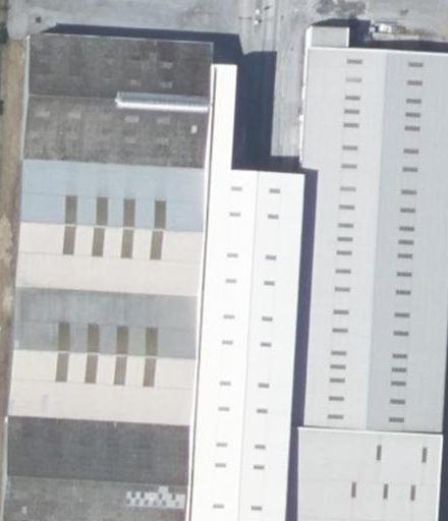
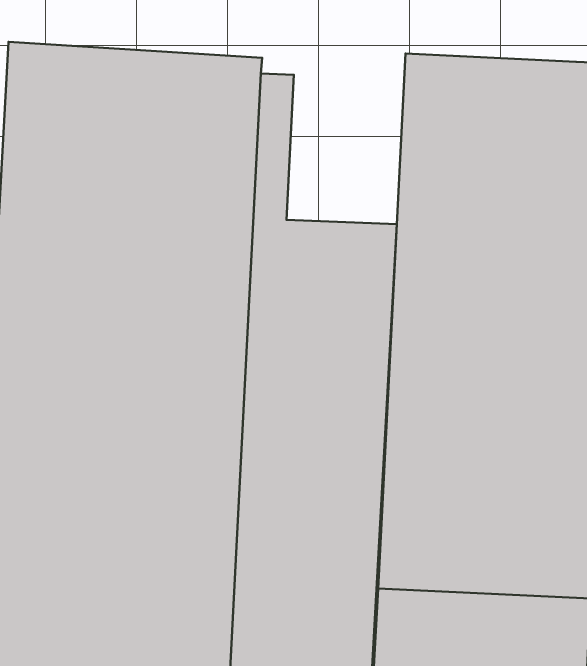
building: [312,26,351,53] -> none

